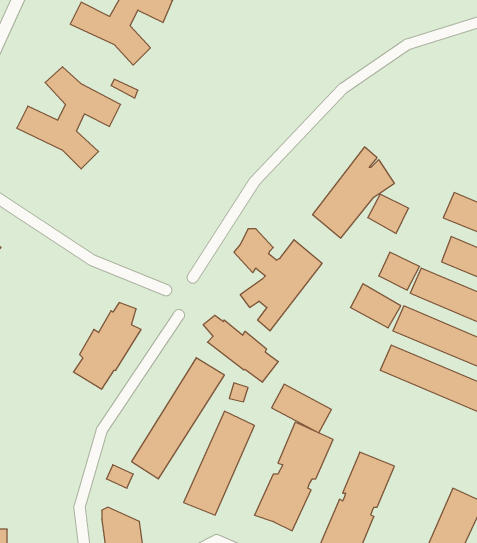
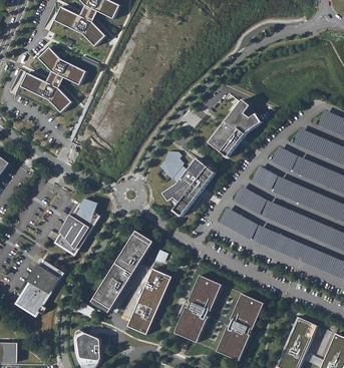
building: [368,194,409,233] -> [270,146,296,171]
building: [203,315,278,382] -> none
building: [272,384,331,433] -> [218,209,256,240]
building: none -> [16,261,63,316]

